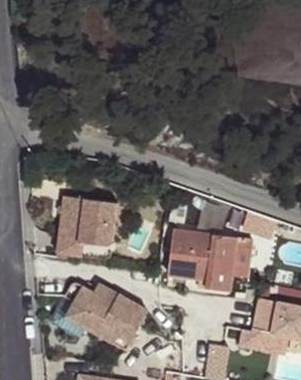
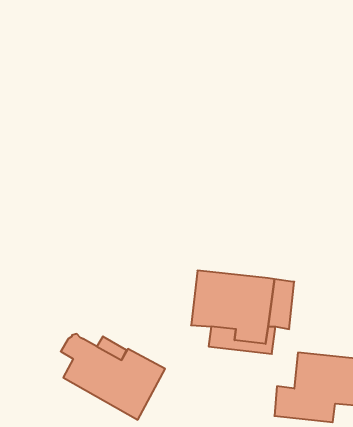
building: [56,195,118,256] -> none

